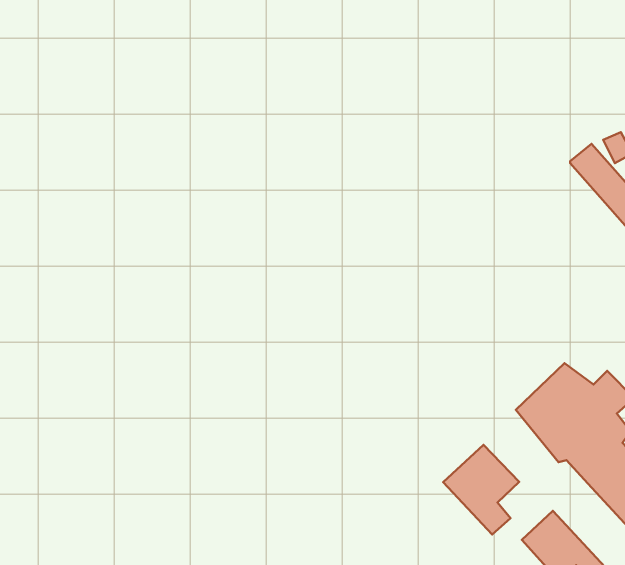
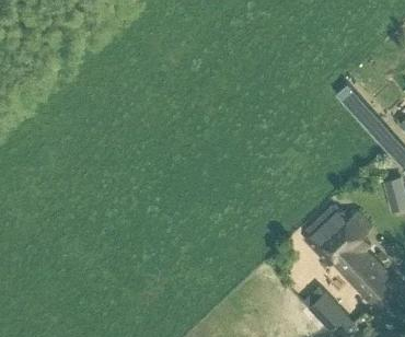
building: [443,445,519,535] -> none

